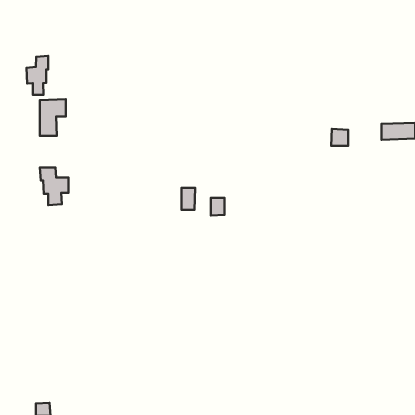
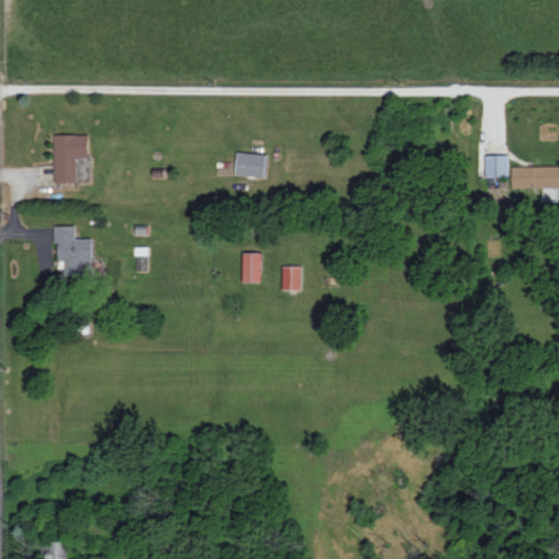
building: [26,56,48,95] -> none
building: none -> [236,153,265,177]
building: [331,129,348,146] -> [485,155,508,178]

